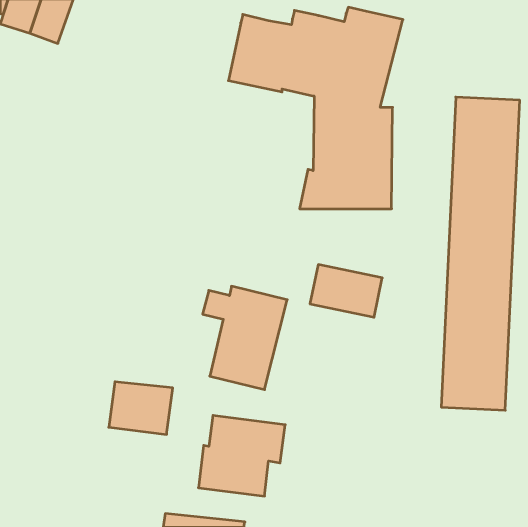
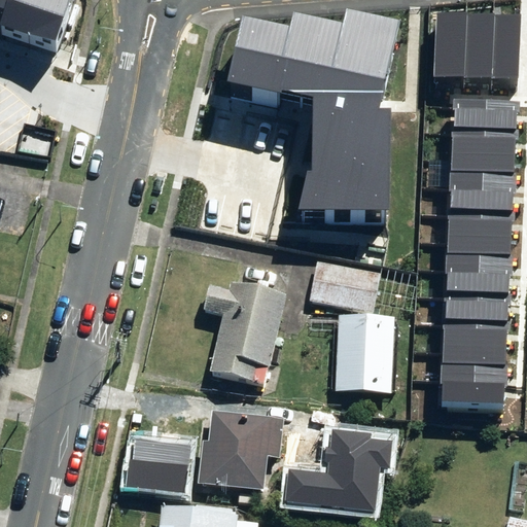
building: none -> [434,10,520,79]
building: none -> [335,318,394,398]
building: [109,382,173,434] -> [128,440,191,492]
building: none -> [285,429,387,508]

